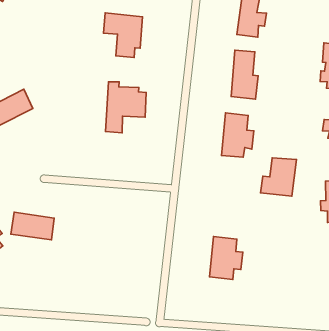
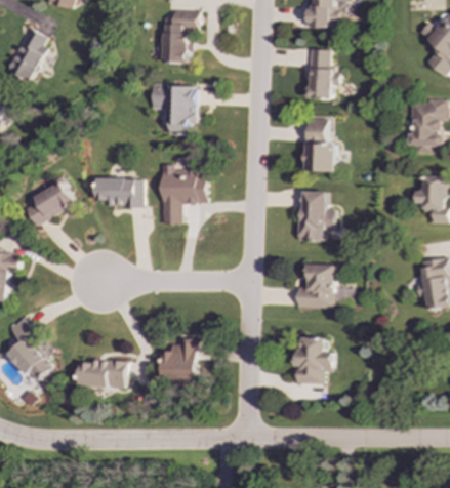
building: none -> [96,177,141,206]
building: [261,158,297,196] -> [296,263,335,307]
building: [11,212,54,240] -> [76,359,125,388]
building: none -> [159,337,195,385]

